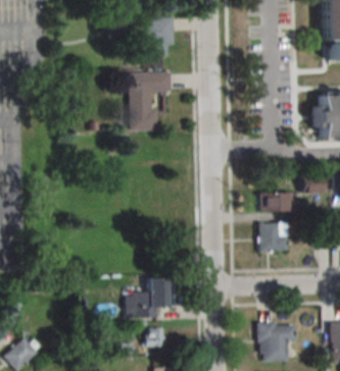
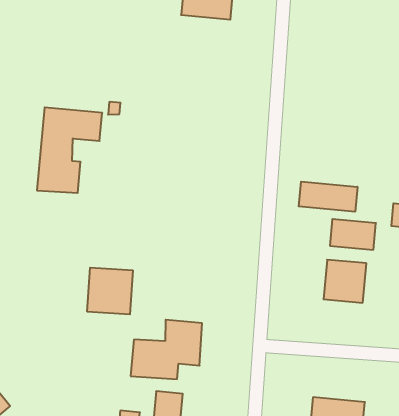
building: [129,70,171,130] -> [37,107,102,193]
building: none -> [299,182,357,212]
building: none -> [87,268,133,314]

